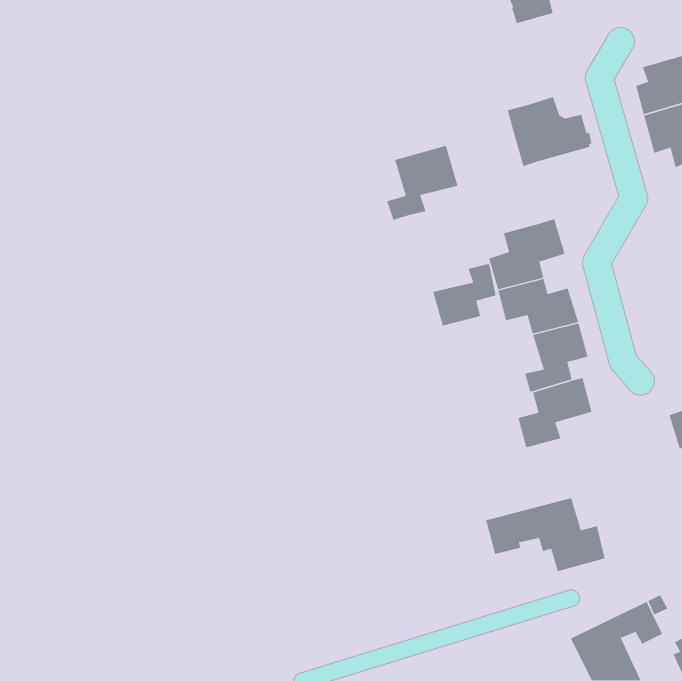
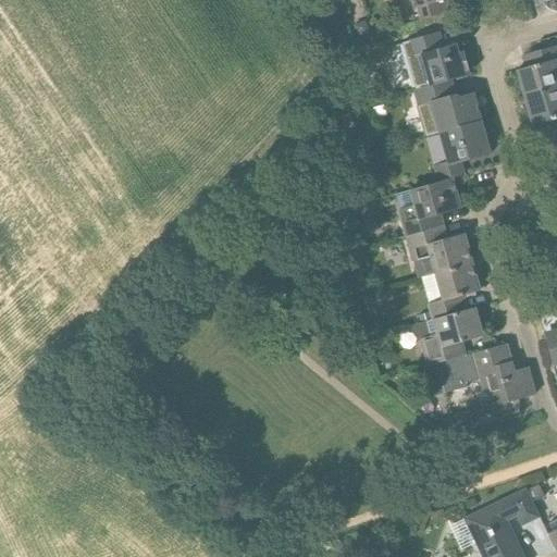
building: none -> [408,33,469,85]
building: [386,145,458,221] -> [433,120,492,182]
building: [432,263,497,327] -> none
building: [485,497,605,572] -> [437,344,535,405]

